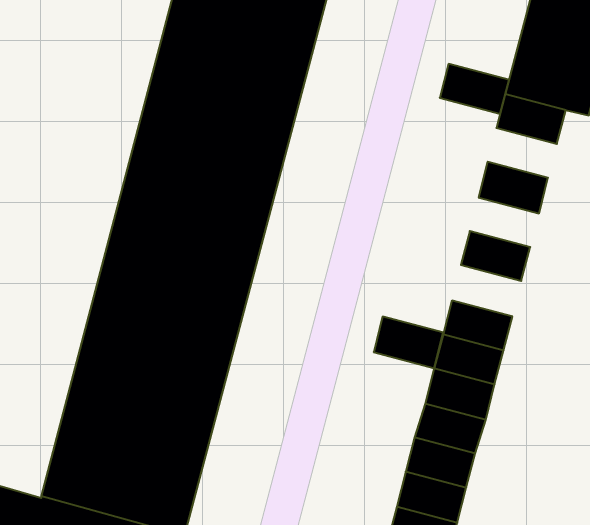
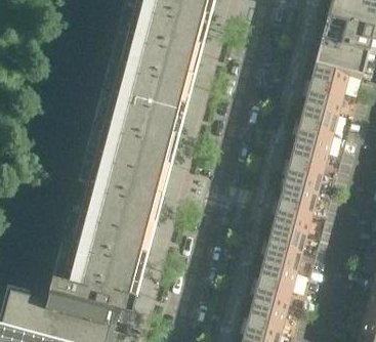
building: [440,64,509,114] -> [303,86,343,115]
building: none -> [293,126,333,155]
building: [374,317,443,368] -> [283,165,323,195]

